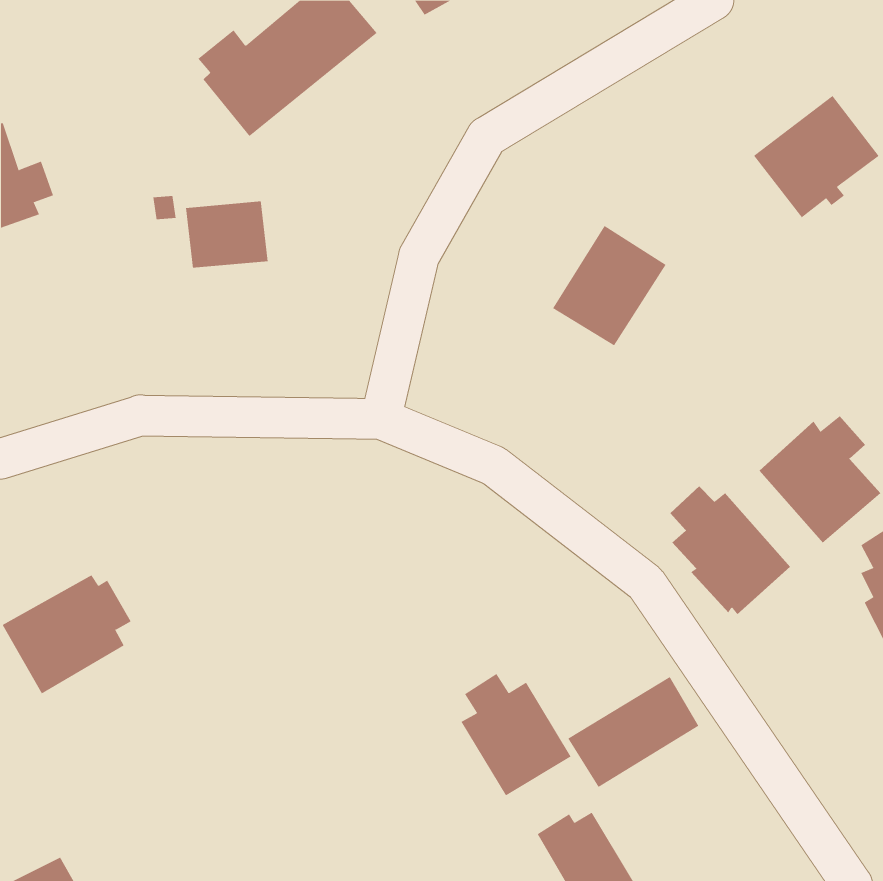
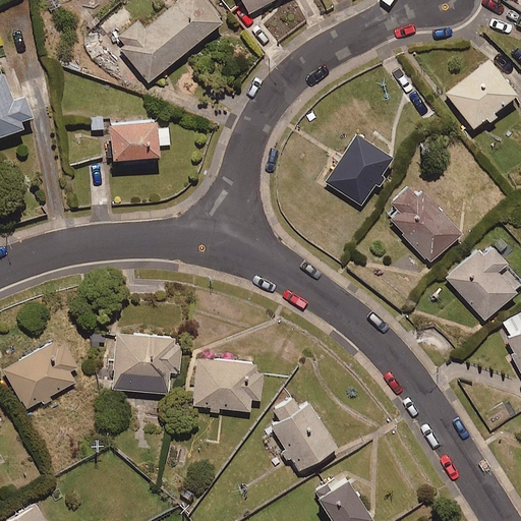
building: [670,485,791,615] -> [391,186,462,263]
building: none -> [111,333,182,394]
building: none -> [192,359,264,412]
building: [567,676,699,788] -> none

